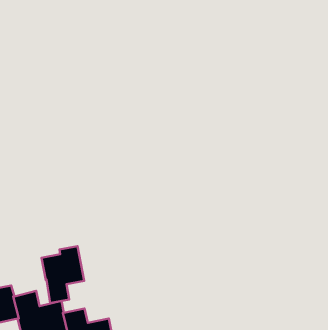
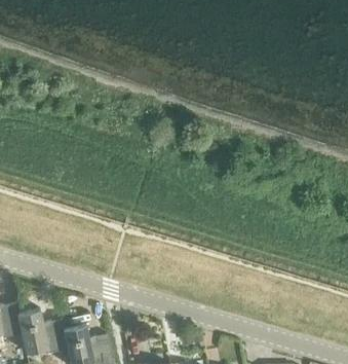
building: [41,246,84,303] -> none

